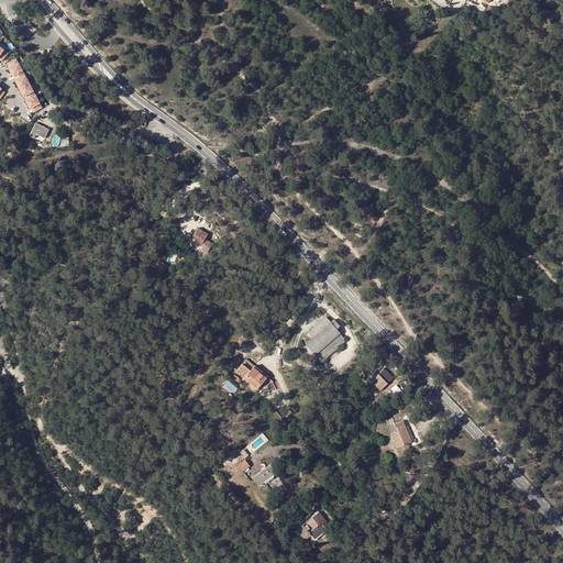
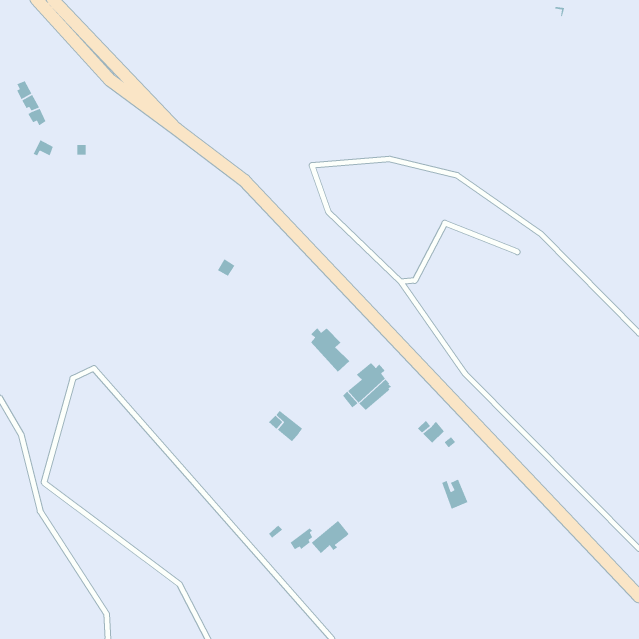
building: none -> [310,327,350,373]
building: [294,511,328,541] -> [311,520,350,554]

